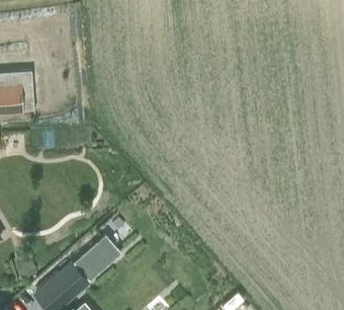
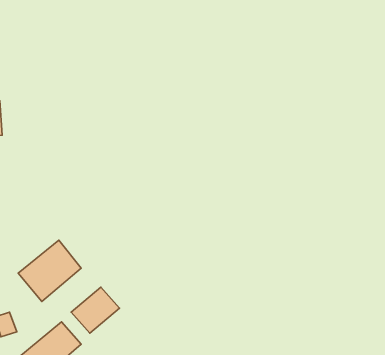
building: none -> [18,240,81,301]

